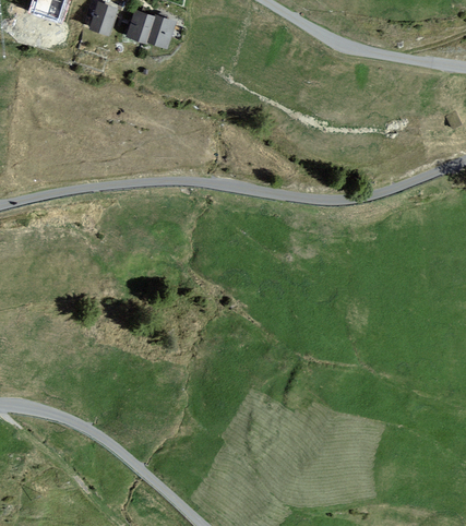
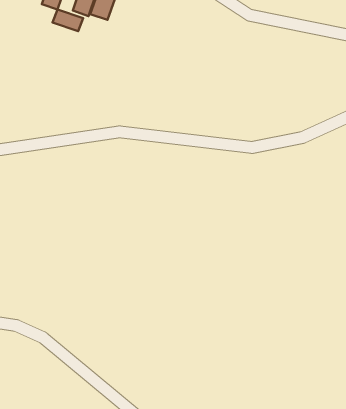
building: none -> [52,10,83,31]

